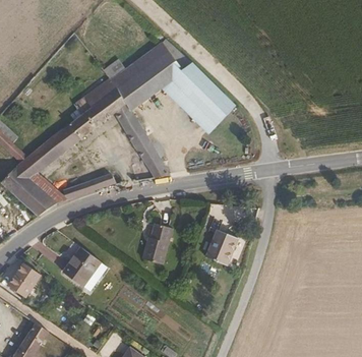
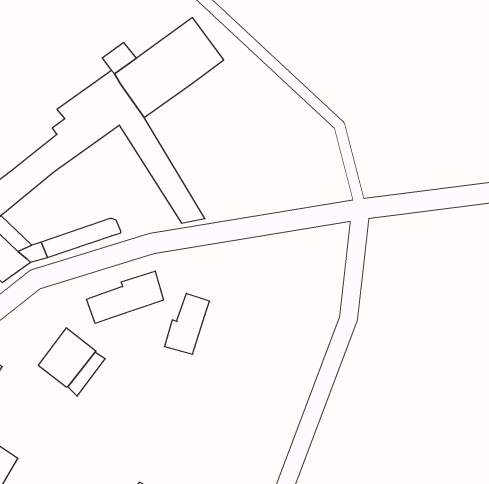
building: [162,64,235,133] -> none
building: none -> [87,271,163,323]
building: [206,231,239,266] -> none

